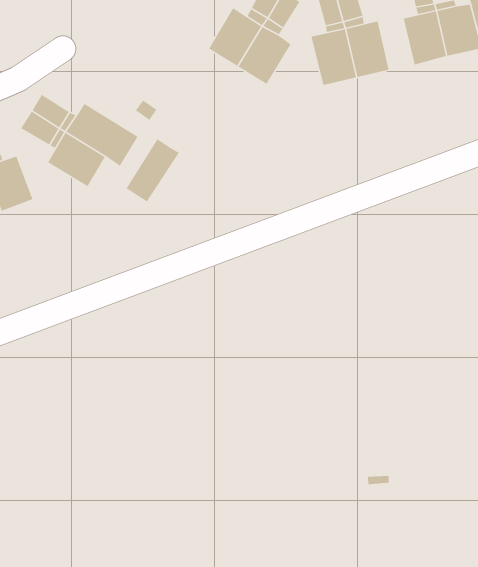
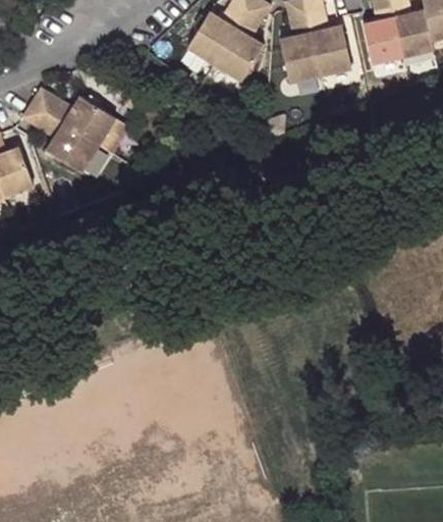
building: [125,138,180,203] -> none

